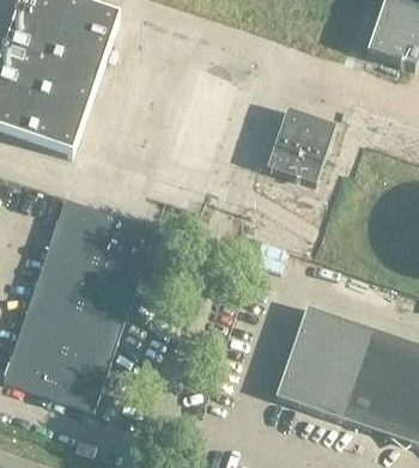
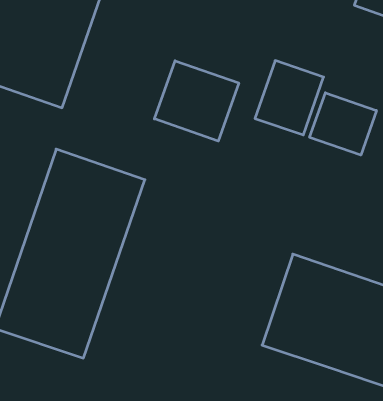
building: none -> [154,61,239,141]
building: none -> [310,93,376,155]

